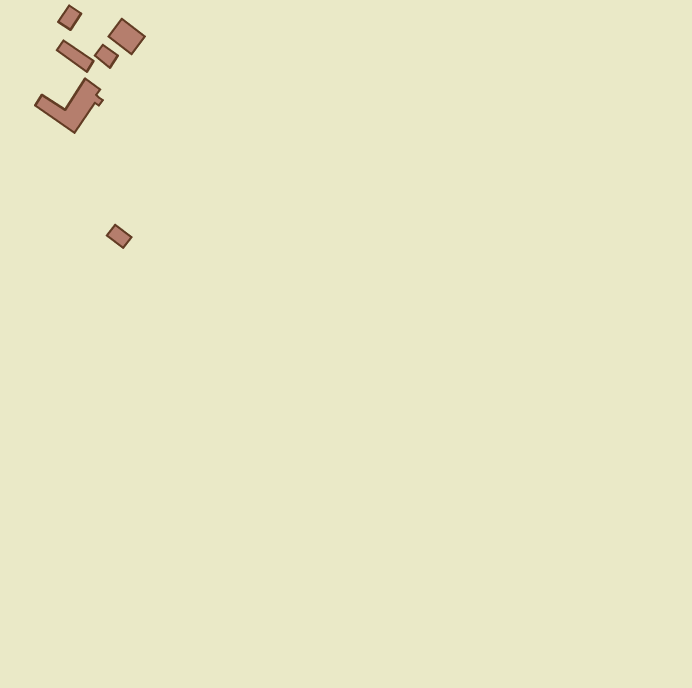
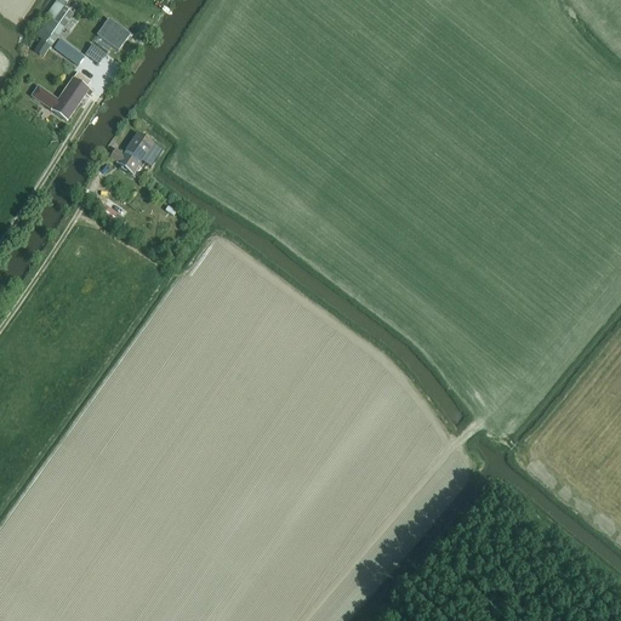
building: none -> [109,131,160,173]

